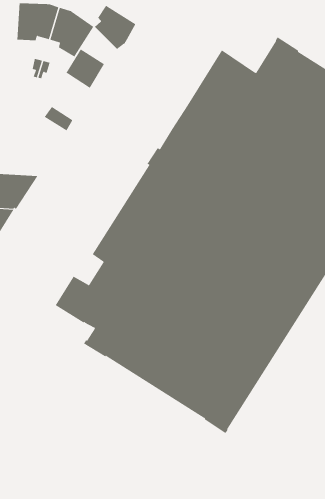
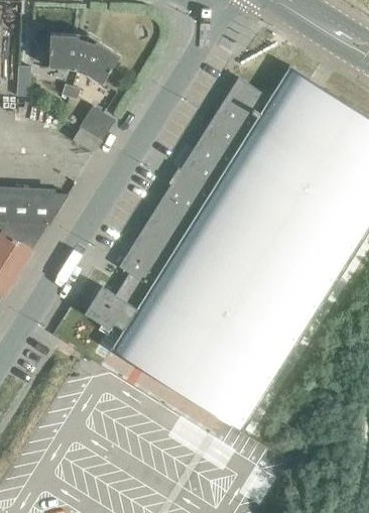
building: [94,5,136,50] -> none
building: [65,48,105,88] -> [79,105,115,142]

